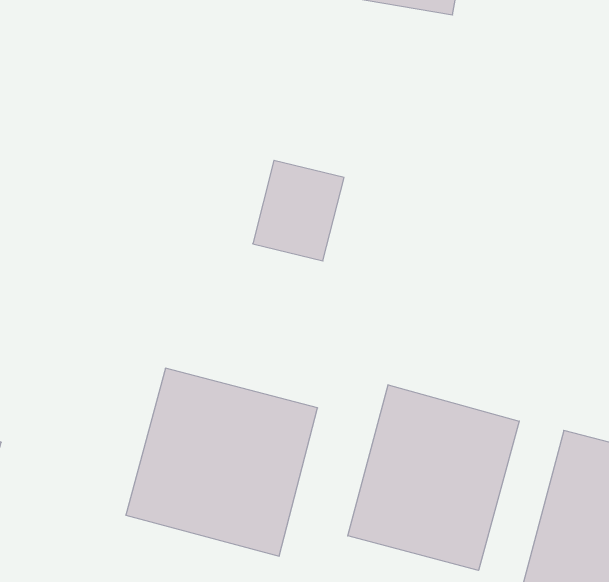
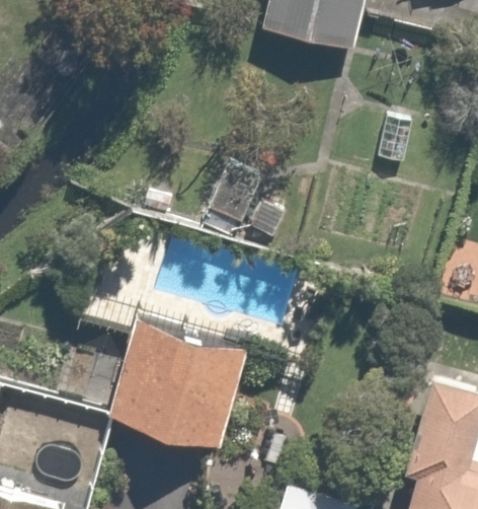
building: [348,385,519,570] -> none

